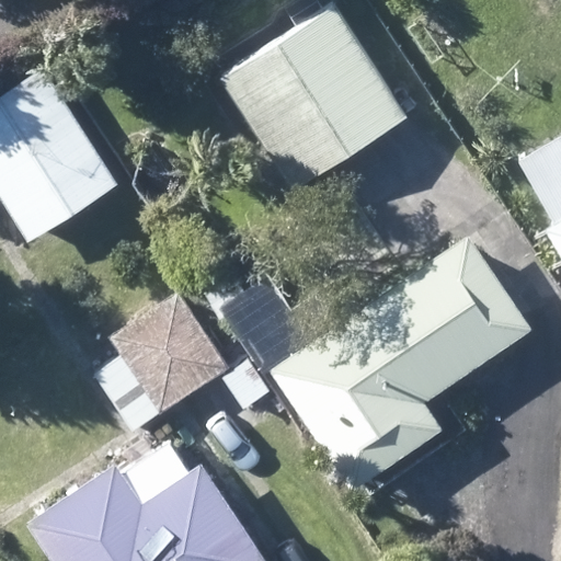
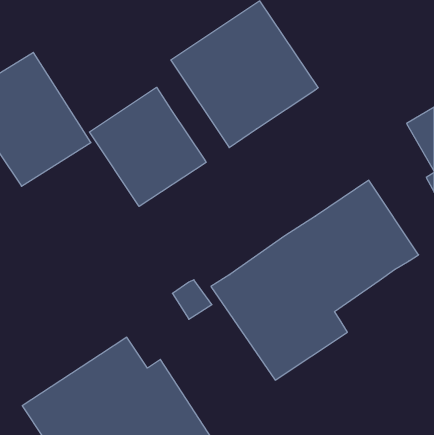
building: none -> [89,87,206,206]
building: [93,290,229,433] -> none

